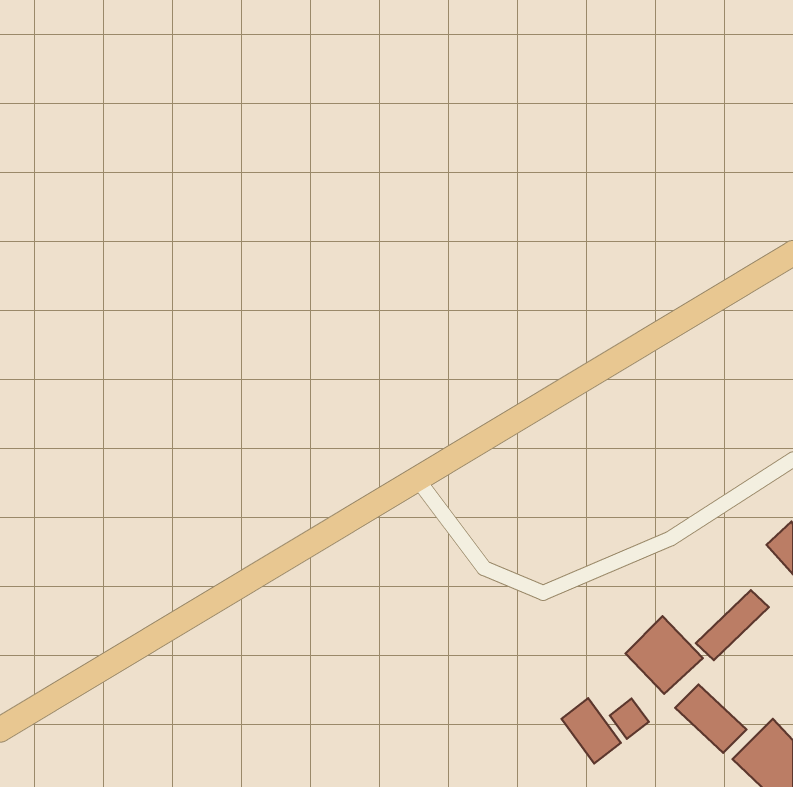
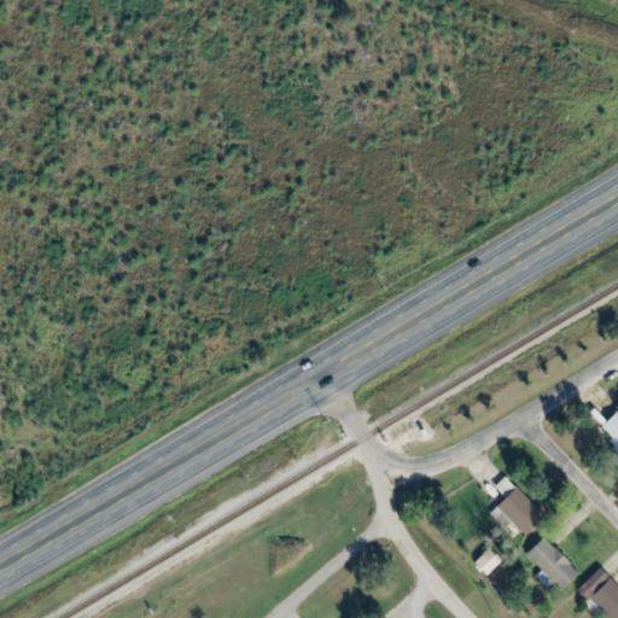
building: [696,590,769,660] -> none
building: [561,698,621,763] -> none

